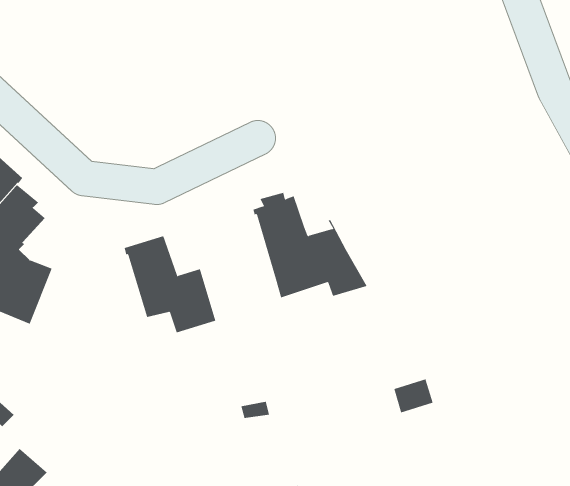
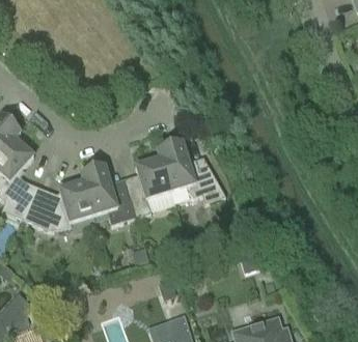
building: none -> [126,153,170,217]
building: none -> [24,177,93,229]

